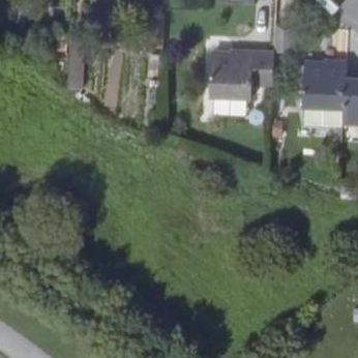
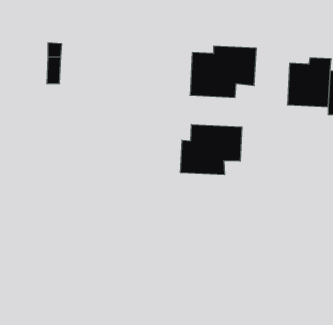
building: none -> [180,124,242,175]

